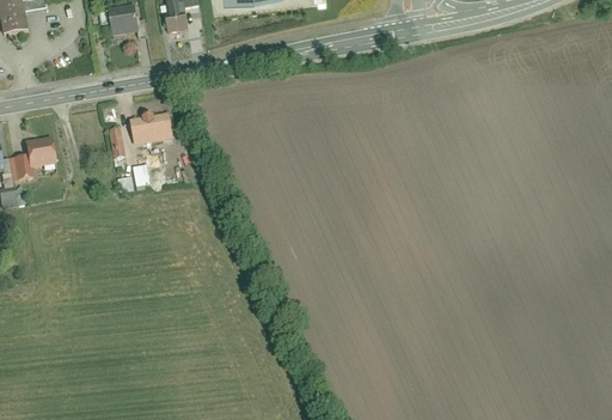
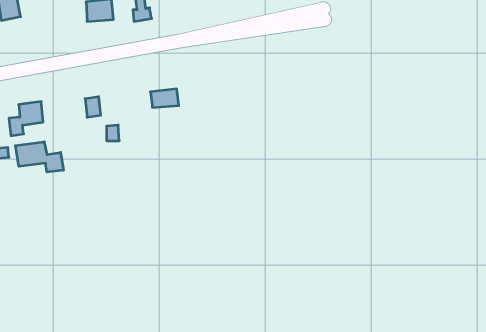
building: [131,114,166,136] -> [150,89,179,107]
building: none -> [15,142,63,172]

